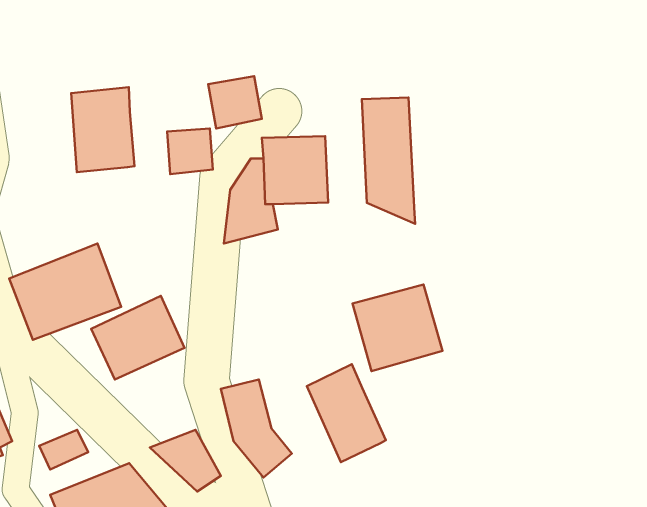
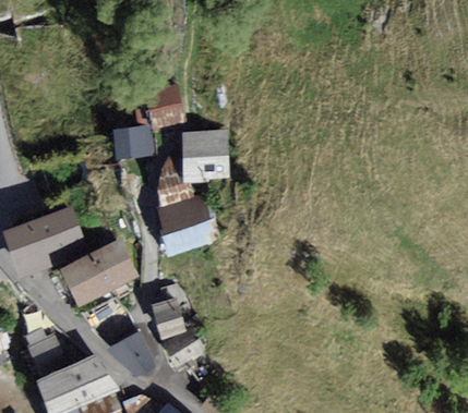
building: [71,87,135,172] -> none
building: [362,98,415,224] -> none
building: [352,284,443,371] -> [156,193,218,253]
building: [307,364,386,462] -> none

